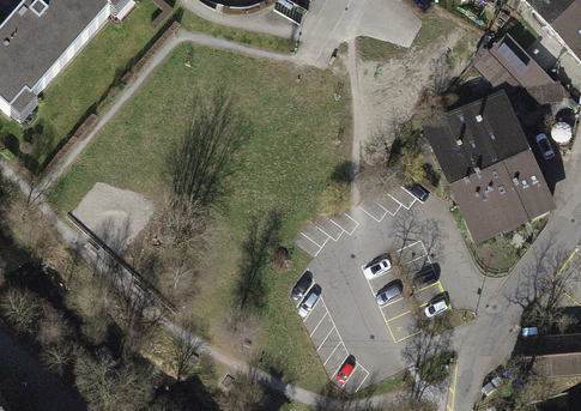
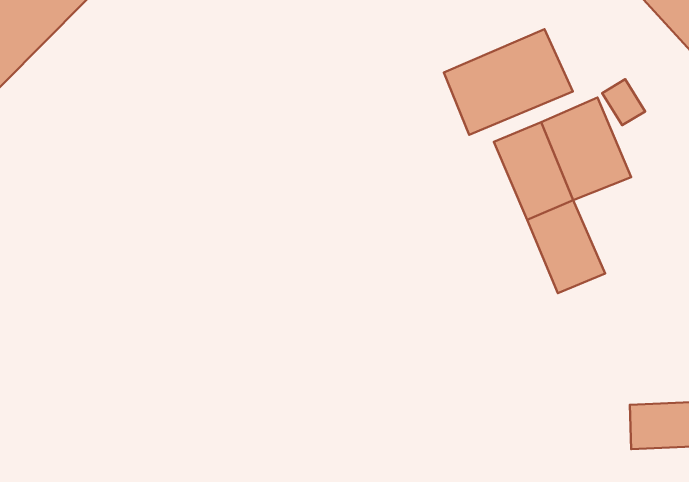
building: none -> [444,29,573,135]
building: [485,153,555,229] -> none

